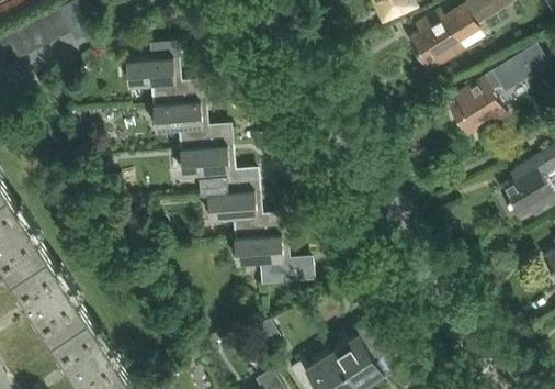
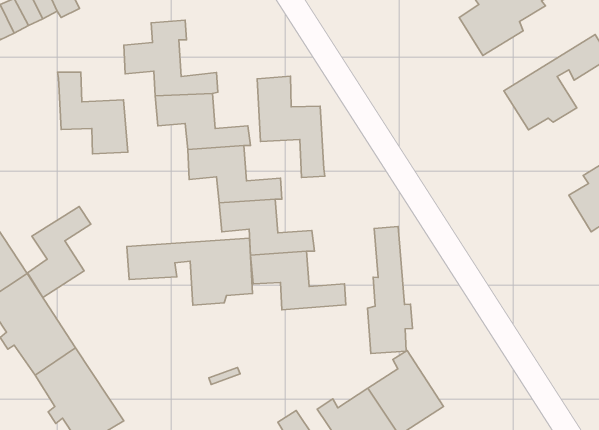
building: none -> [58,72,128,154]
building: none -> [257,76,325,177]
building: none -> [28,206,91,298]
building: none -> [368,227,413,353]
building: none -> [127,238,253,305]

